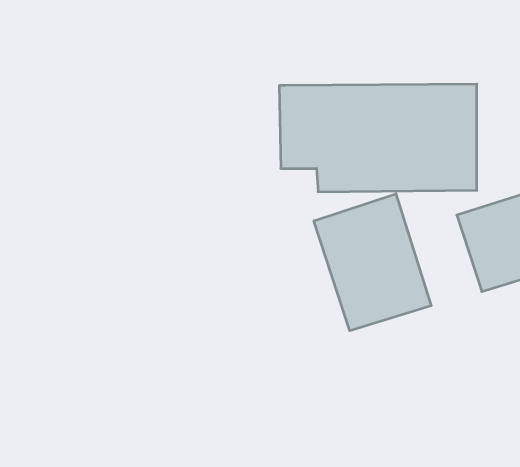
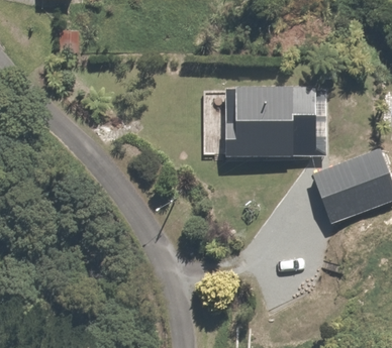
building: [314,194,431,331] -> none

